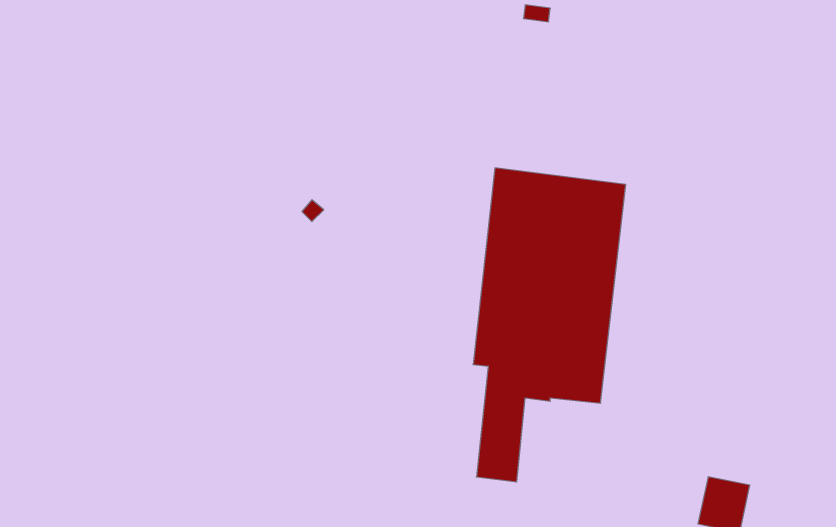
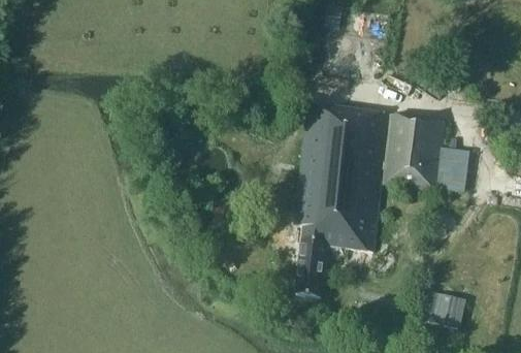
building: none -> [381,115,468,192]

